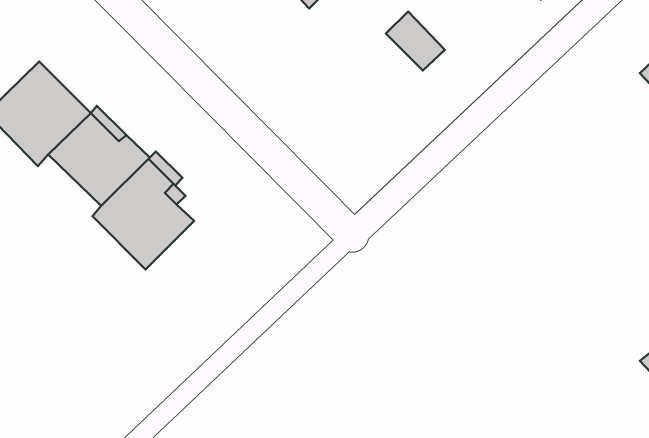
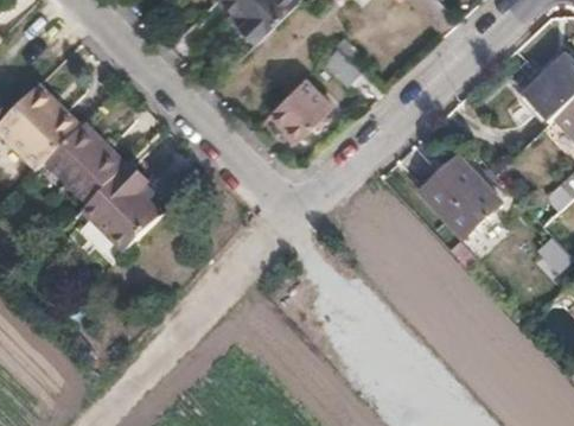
building: none -> [268,81,331,142]
building: none -> [417,158,500,239]

